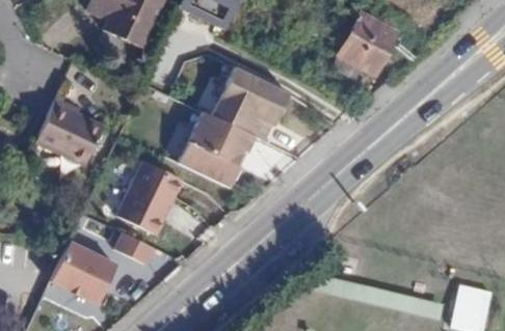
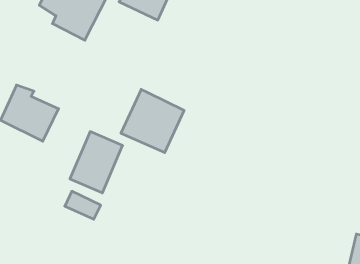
building: [340,13,398,72] -> none
building: [211,66,290,142] -> none
building: [54,242,118,303] -> none

